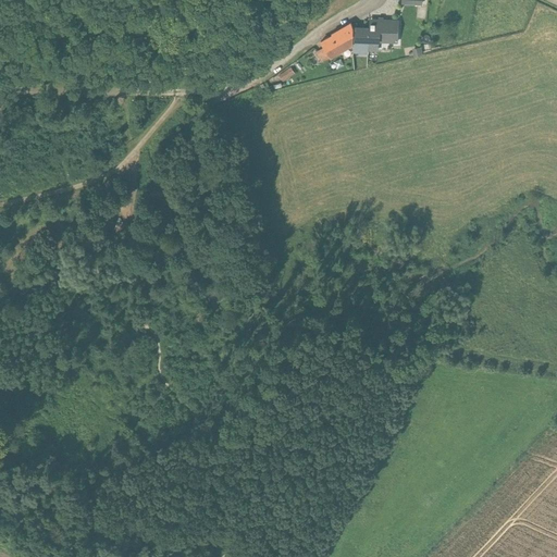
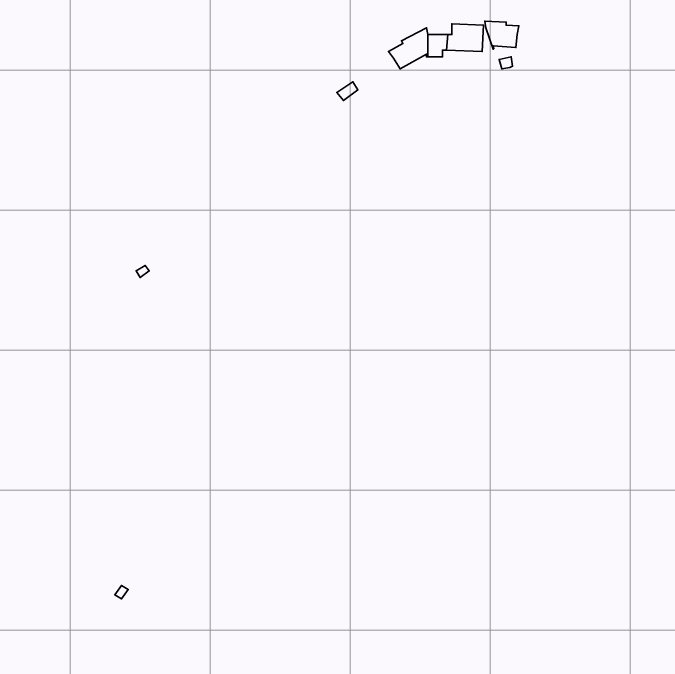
building: none -> [485,21,519,49]

